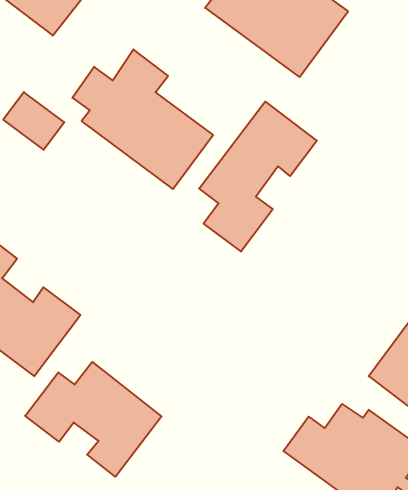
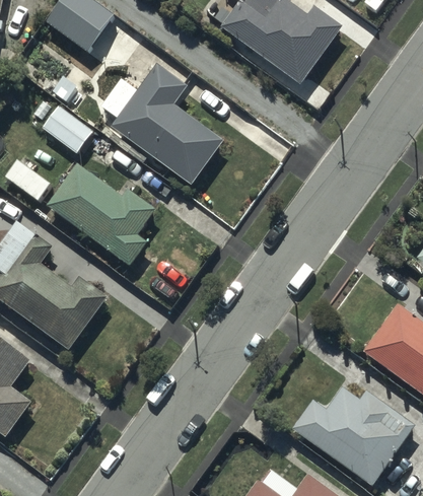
building: [199,102,317,252] -> none
building: none -> [46,164,156,269]
building: [25,362,162,477] -> none

